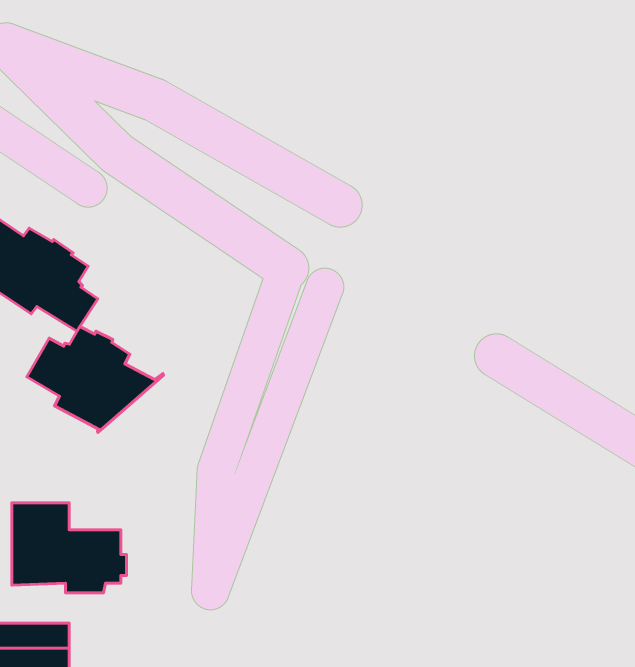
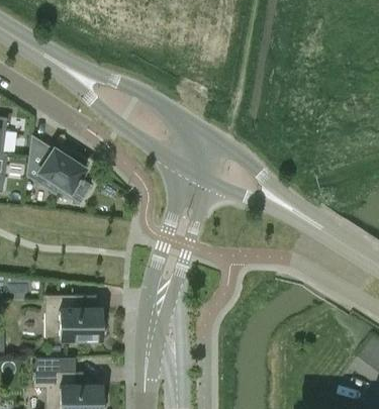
building: [27,326,163,432] -> none

